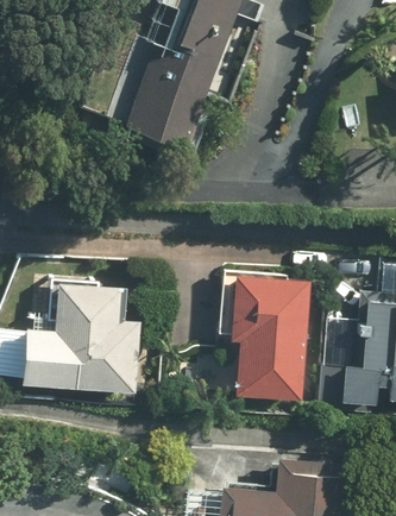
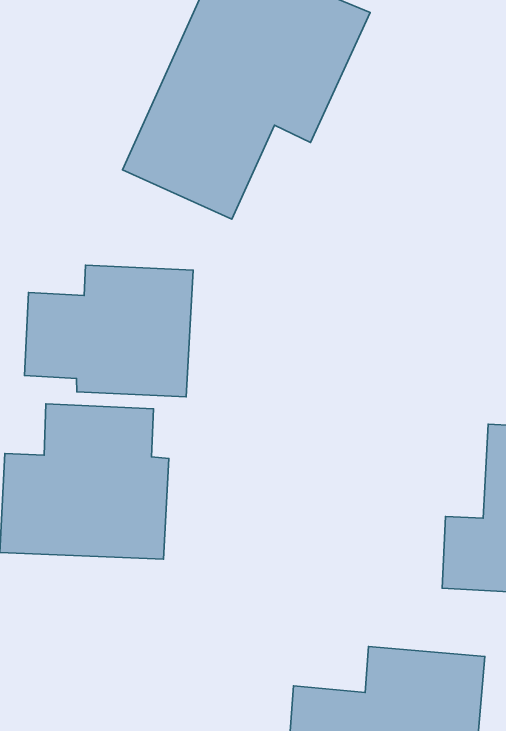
building: none -> [25,265,193,397]
building: [227,269,309,401] -> none

